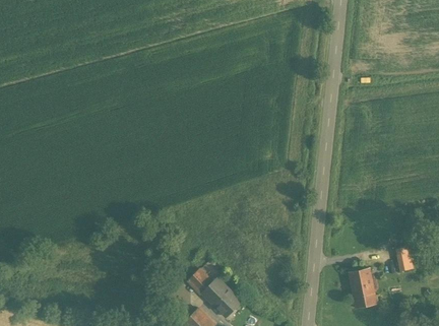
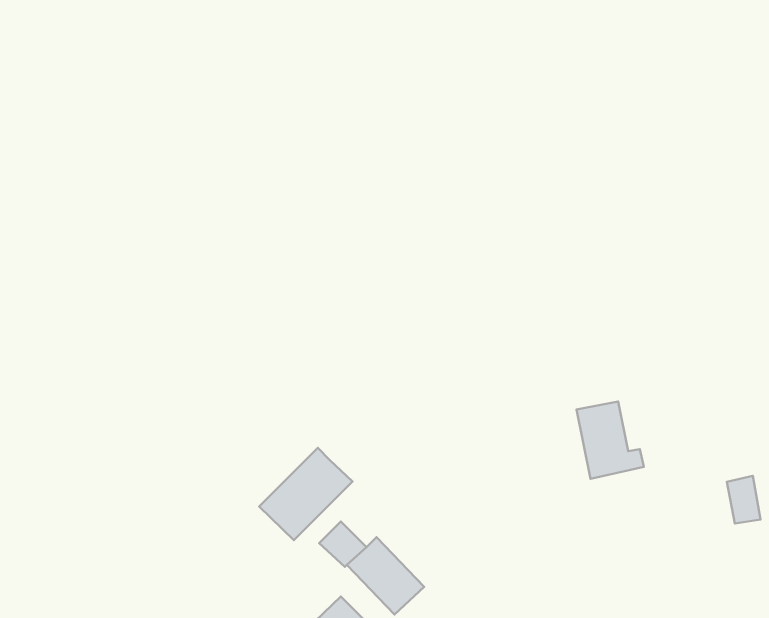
building: none -> [259,448,353,540]
building: [350,268,384,308] -> [577,402,644,479]

